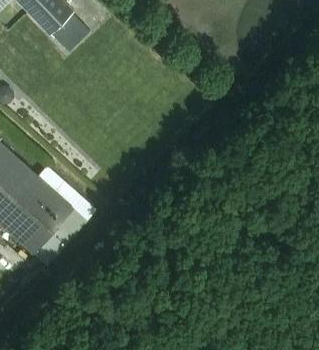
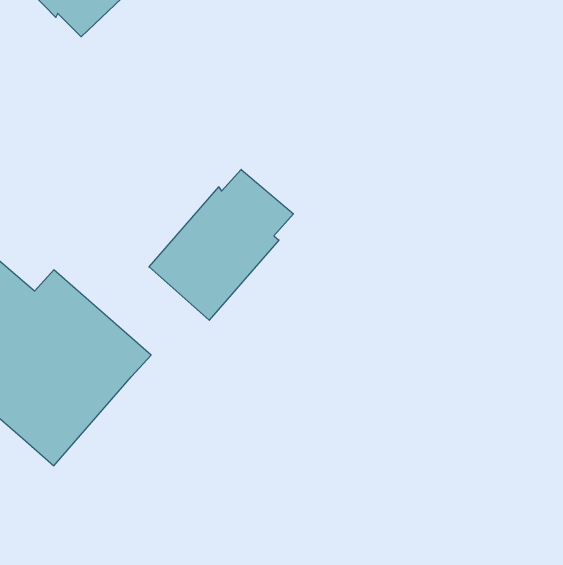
building: none -> [149,169,293,320]

